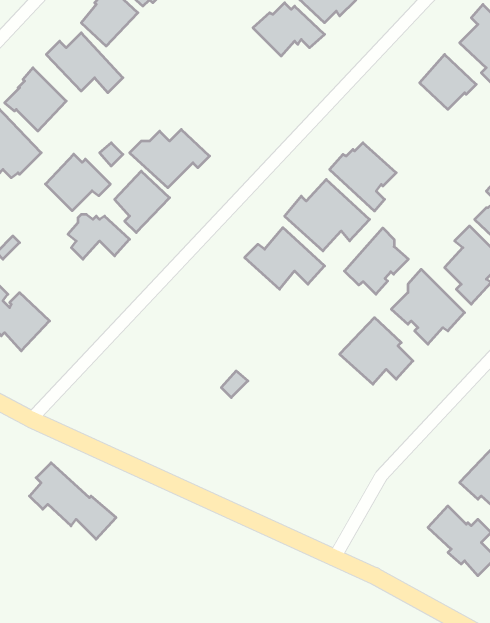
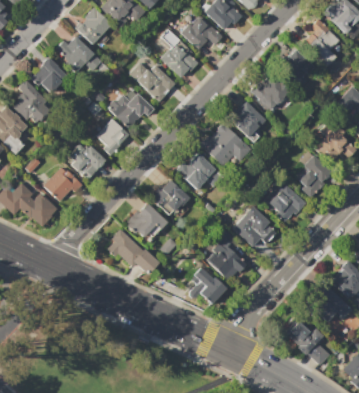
building: none -> [160,30,199,78]
building: none -> [131,63,175,101]
building: none -> [251,78,286,111]
building: [45,154,110,211] -> [45,167,84,201]
building: [344,228,408,294] -> none
building: none -> [153,180,191,215]
building: none -> [126,203,168,237]
building: none -> [207,230,248,283]
building: none -> [195,268,228,305]
building: [29,463,116,539] -> [108,229,160,275]

